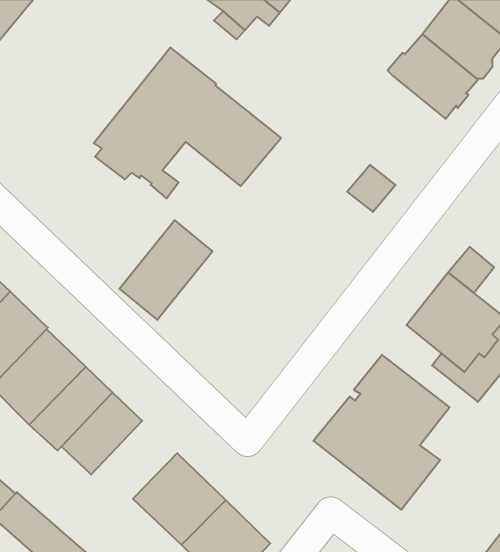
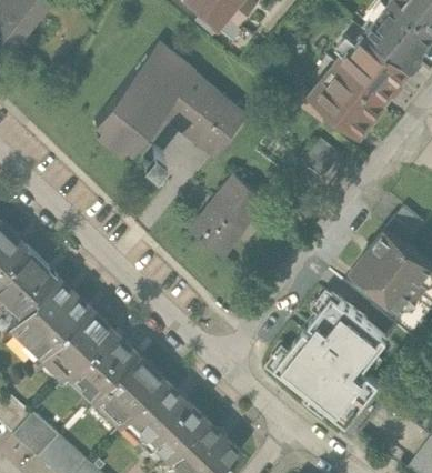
building: none -> [292,68,386,137]
building: [119,220,212,320] -> [189,178,265,260]
building: none -> [92,352,163,424]

